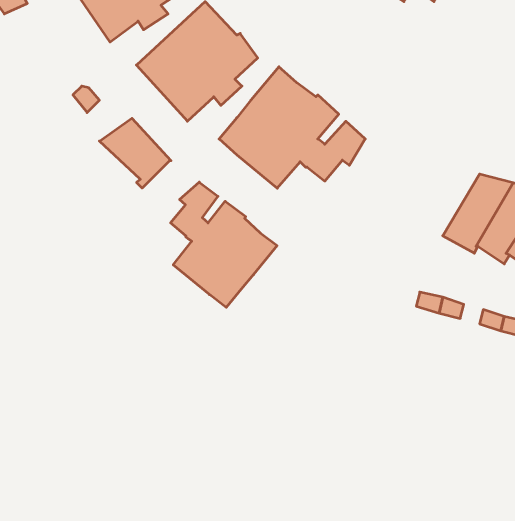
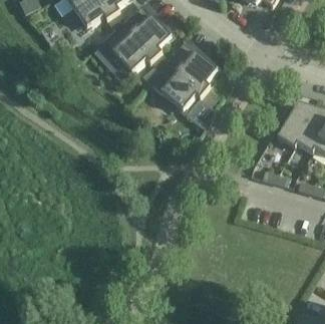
building: [99,118,171,188] -> none
building: [171,182,277,307] -> none

